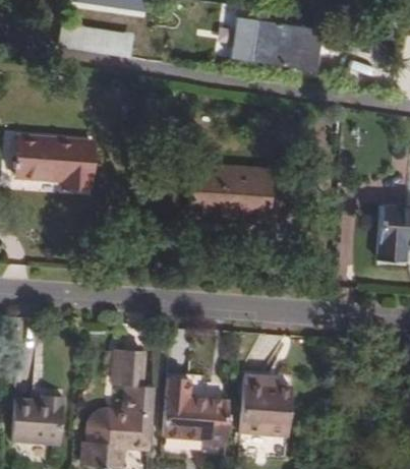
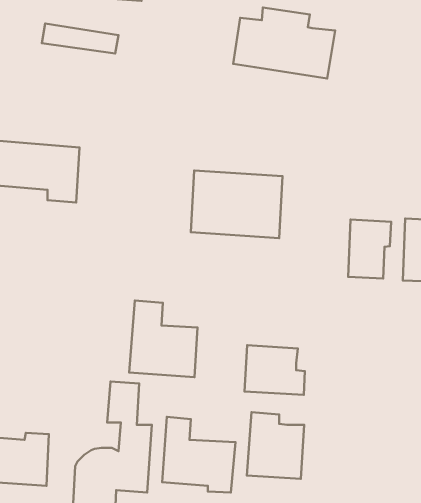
building: none -> [348,219,391,279]
building: none -> [129,301,198,377]
building: none -> [244,345,305,395]

